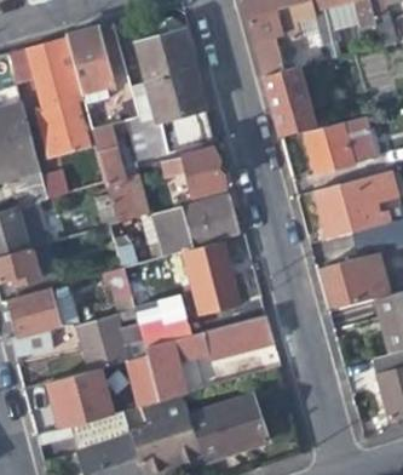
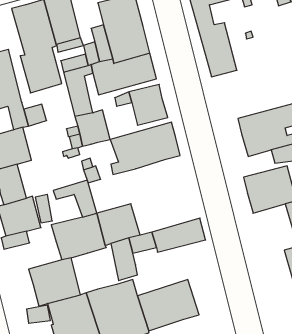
building: [306,118,375,173] -> none
building: [184,241,240,316] -> none
building: [122,354,160,407] -> none

